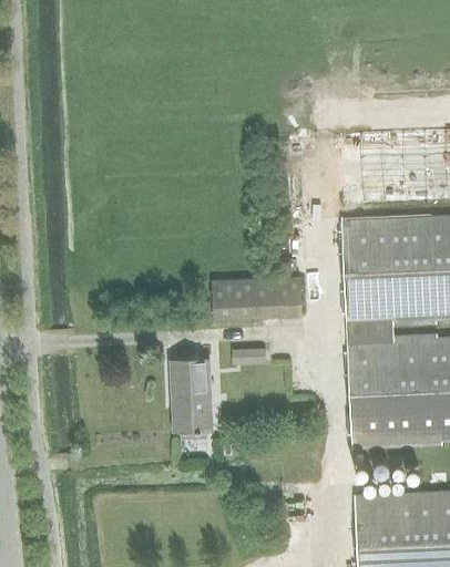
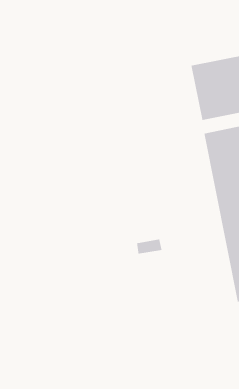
building: [209,278,300,318] -> none
building: [170,360,212,432] -> none

